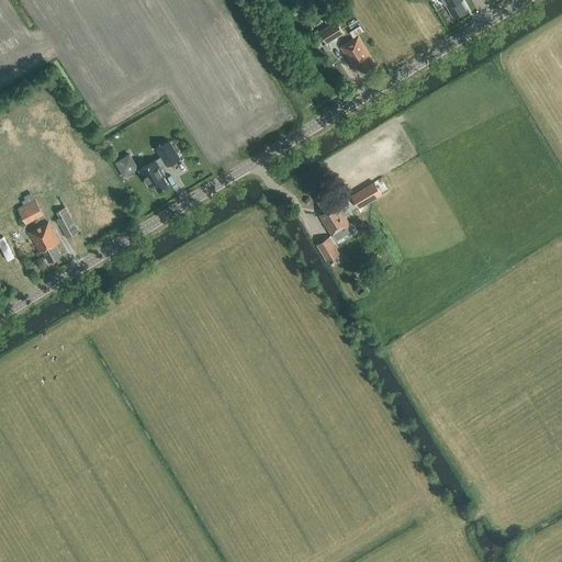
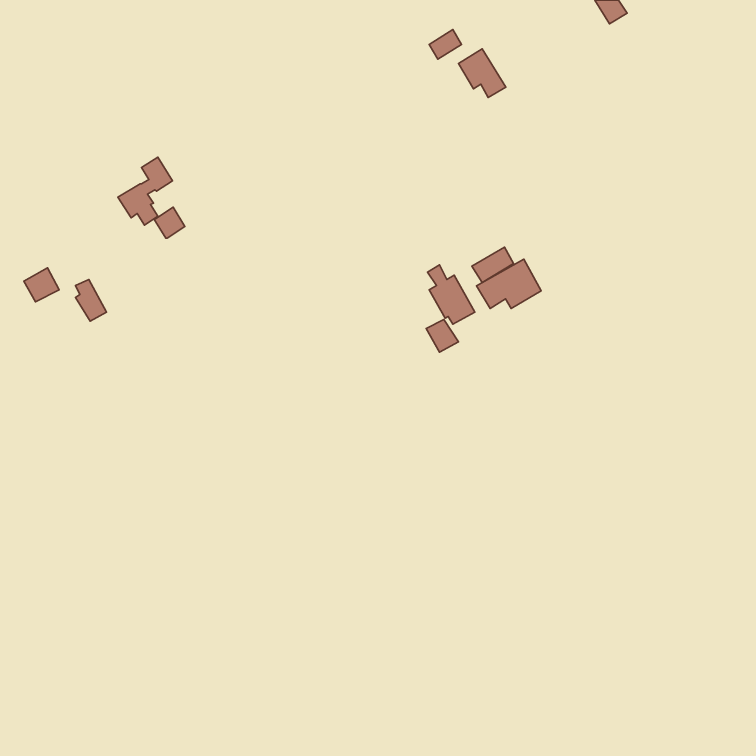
building: [138,140,179,191] -> [118,157,173,225]
building: none -> [477,259,541,309]
building: [29,222,60,262] -> none

